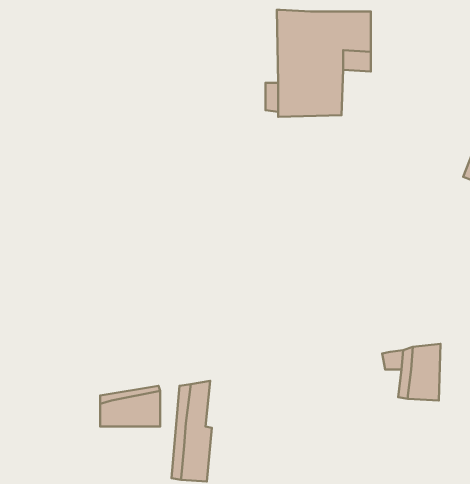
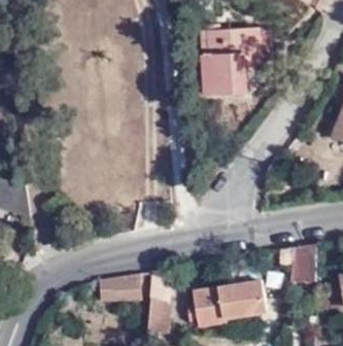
building: none -> [185,278,264,326]

